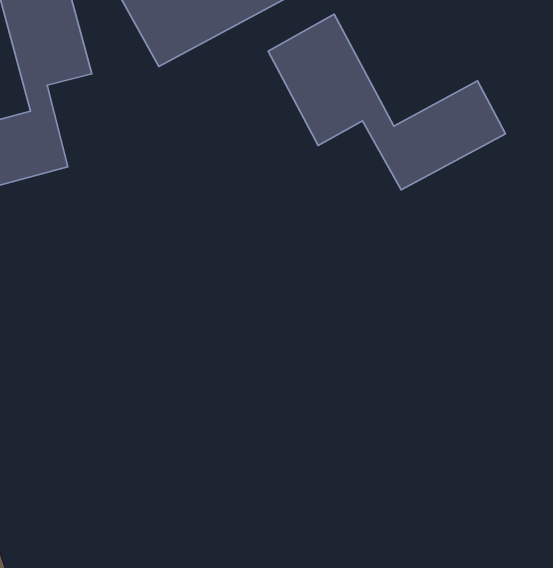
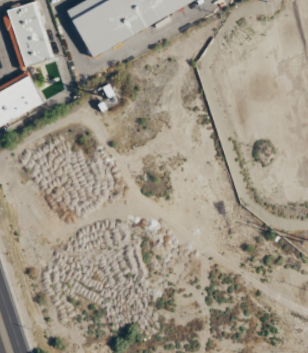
building: [268,14,506,190] -> none

